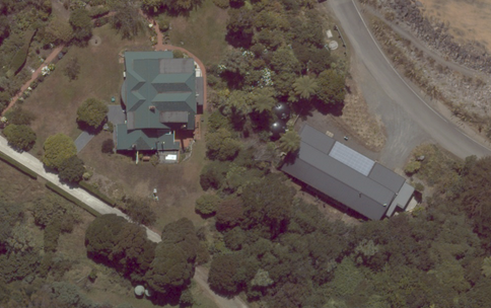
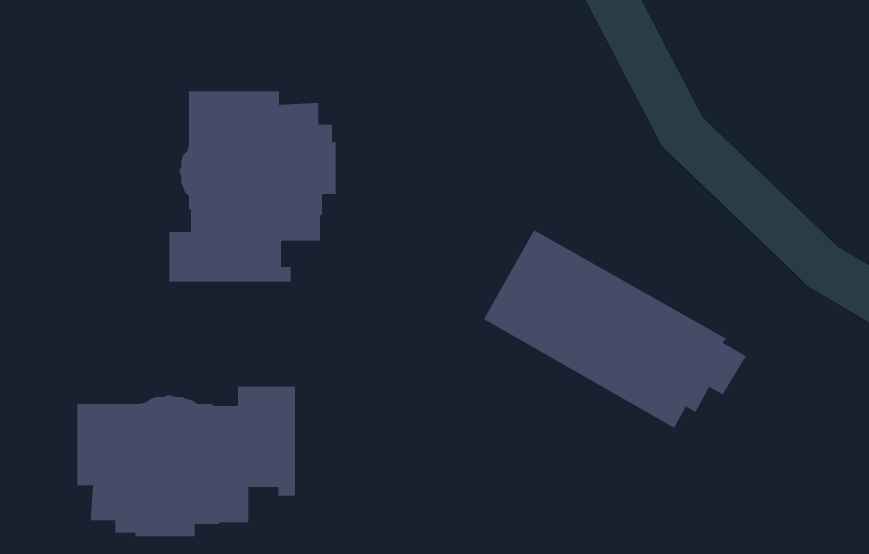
building: none -> [77,386,296,537]

